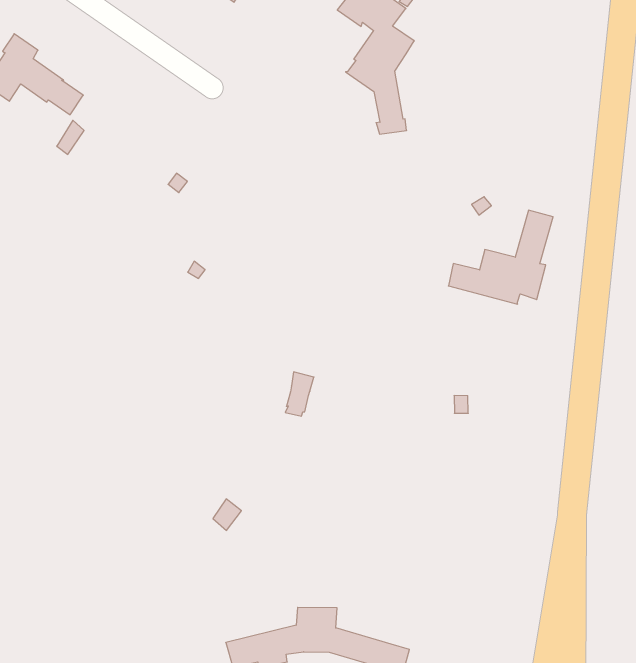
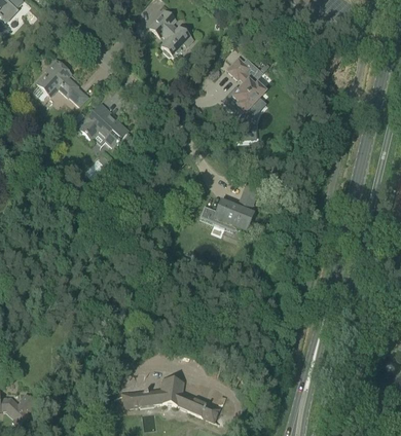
building: none -> [80,104,127,147]
building: [448,210,553,304] -> [199,183,259,231]

